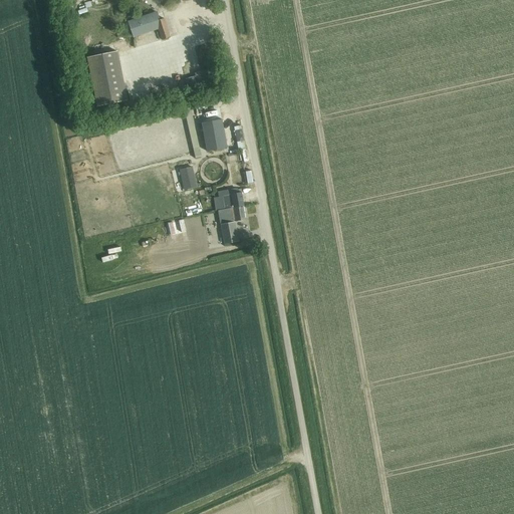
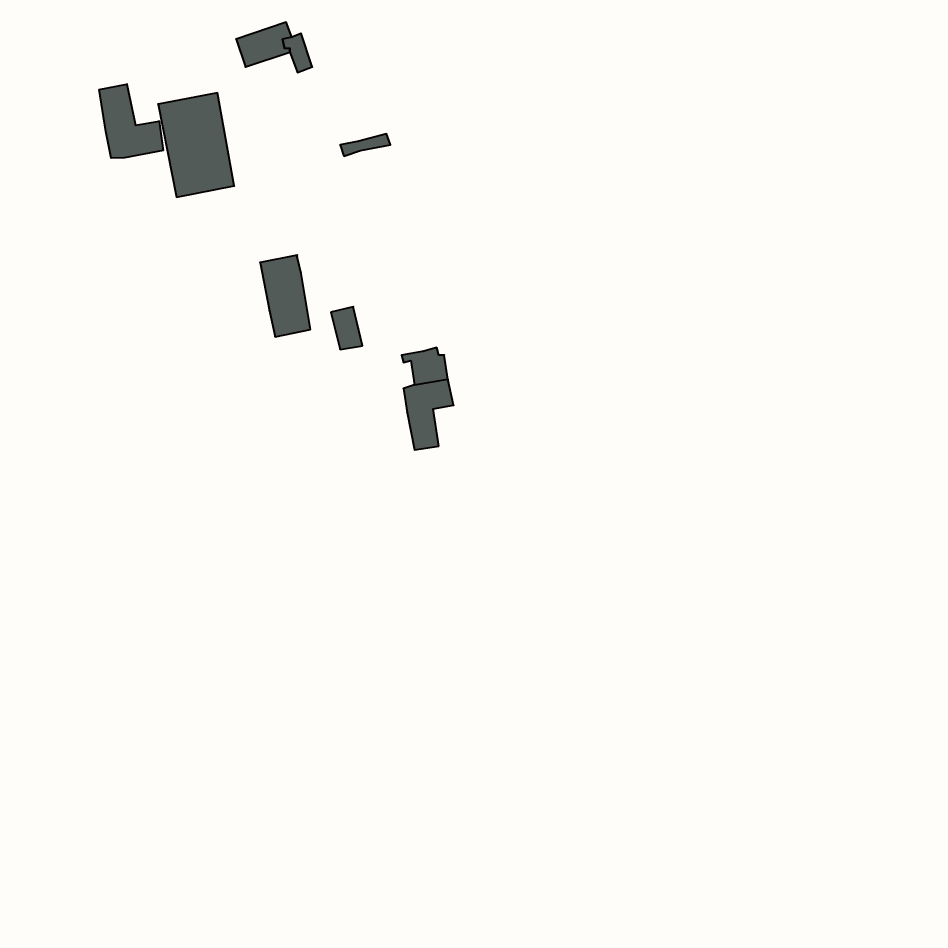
building: none -> [99,84,163,158]
building: [198,106,225,151] -> [260,255,310,337]

